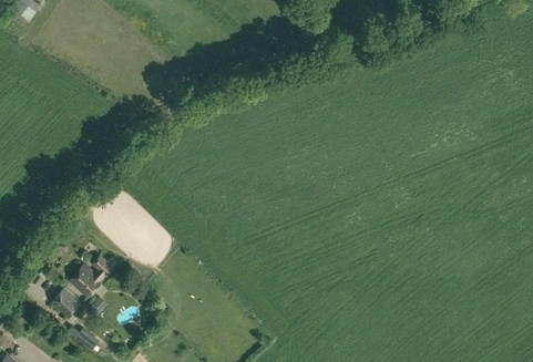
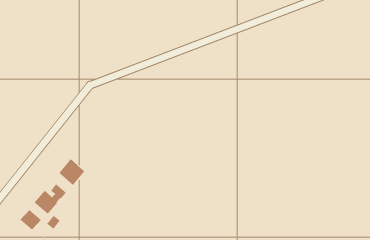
building: none -> [58,158,85,186]

